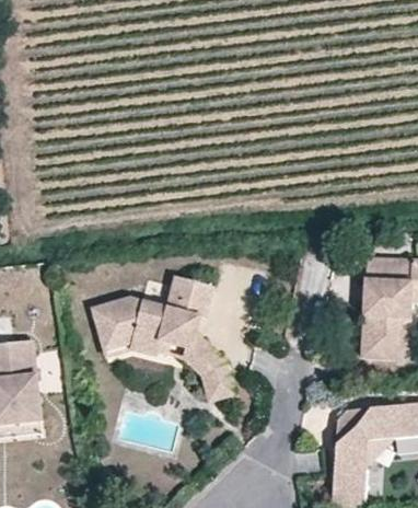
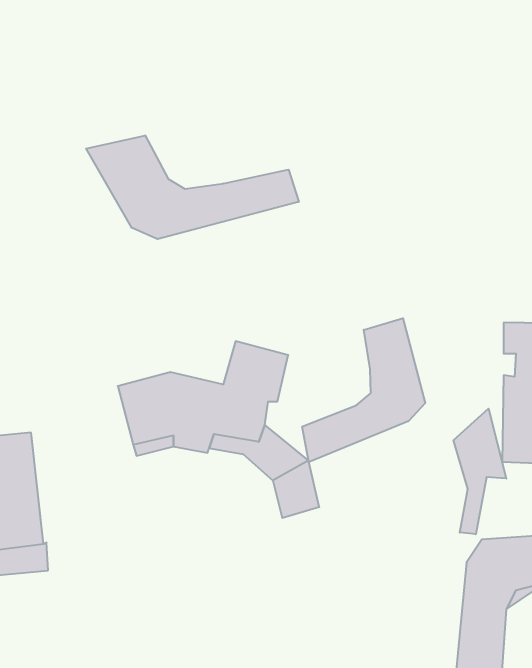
building: none -> [86,135,299,239]
building: none -> [302,318,425,462]
building: none -> [454,409,506,534]

